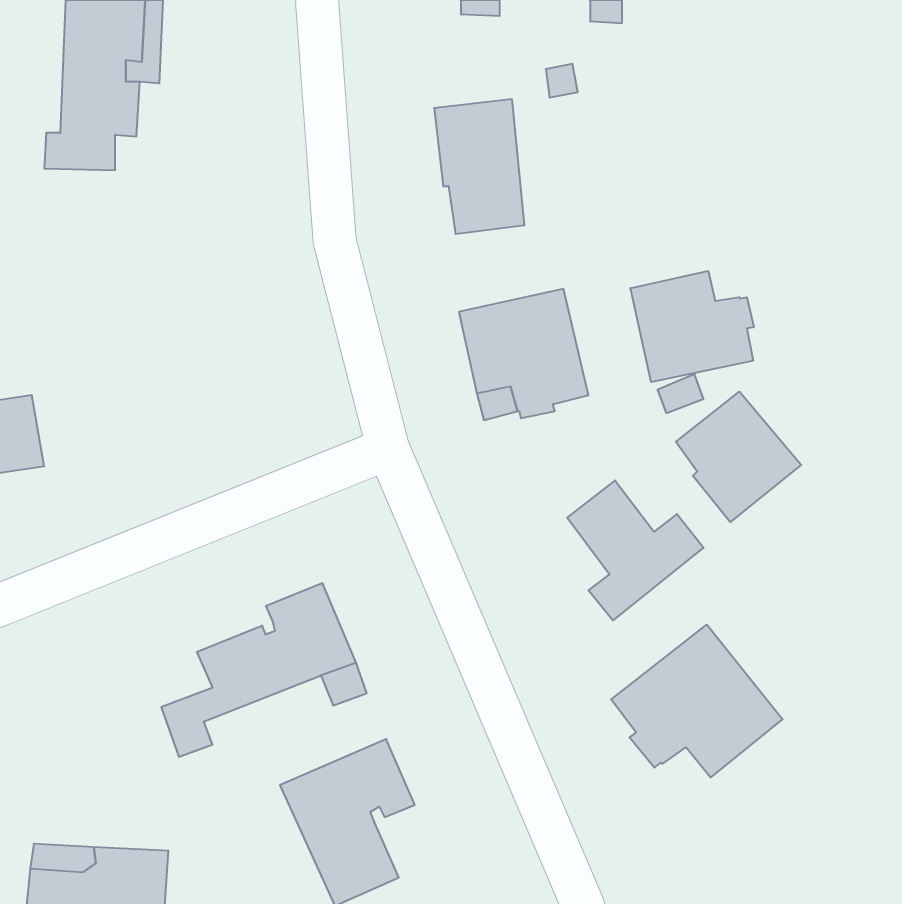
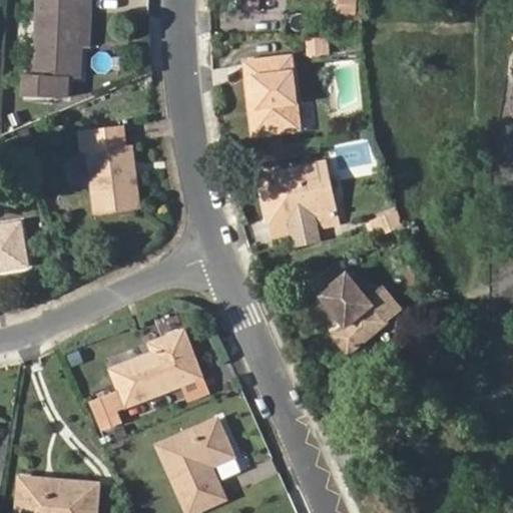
building: none -> [79,124,139,212]
building: [631,271,754,382] -> none
building: [676,392,801,522] -> none
building: [611,625,783,777] -> none

